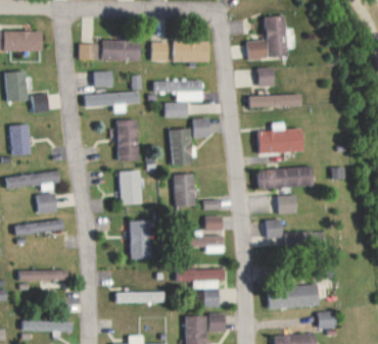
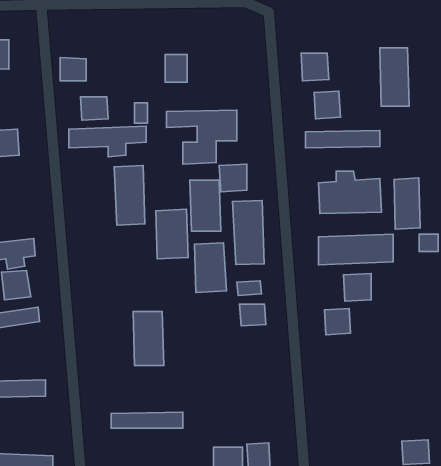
building: [266,16,286,57] -> [380,48,409,106]
building: [103,40,141,61] -> none
building: [174,41,210,62] -> none
building: none -> [394,178,420,229]
building: none -> [232,201,264,264]
building: [119,170,141,205] -> [156,209,188,259]
building: [197,236,224,253] -> none
building: [177,269,226,307] -> none
building: [270,286,319,308] -> none

